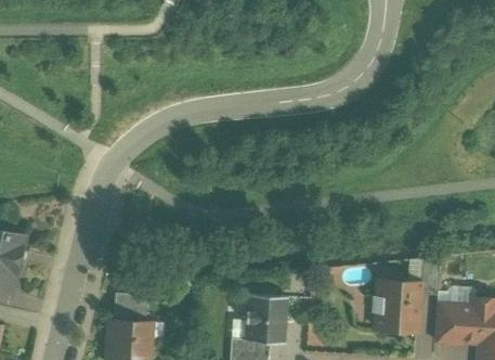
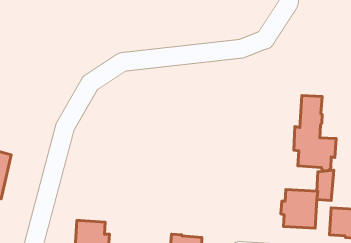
building: none -> [294,95,336,171]
building: [114,293,148,323] -> none
building: [245,294,288,344] -> none

